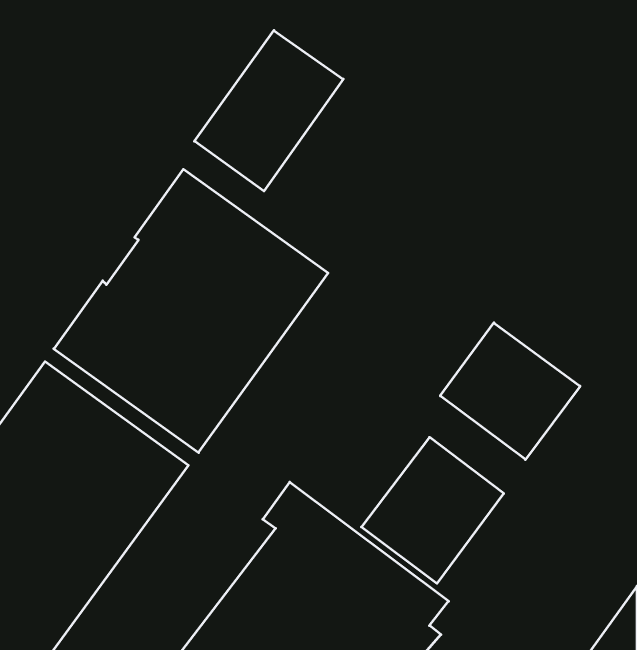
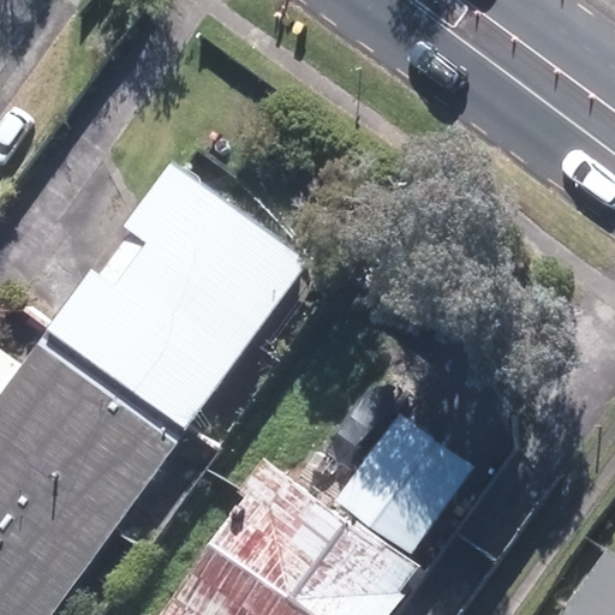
building: [194,30,343,191] -> none
building: [440,323,580,460] -> none

